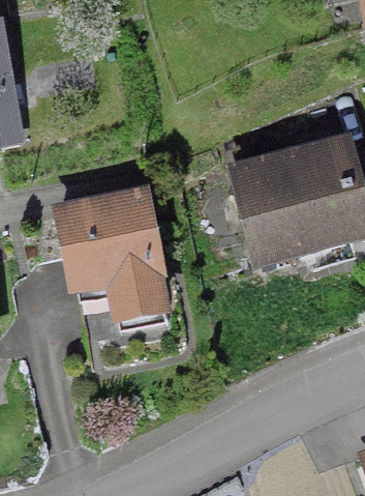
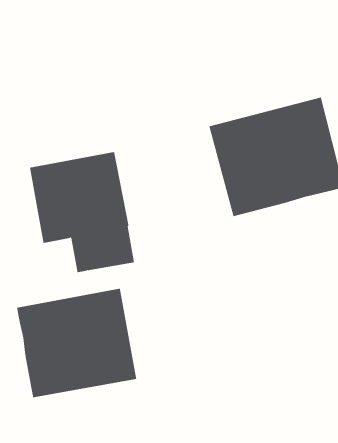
building: none -> [17,288,137,398]

